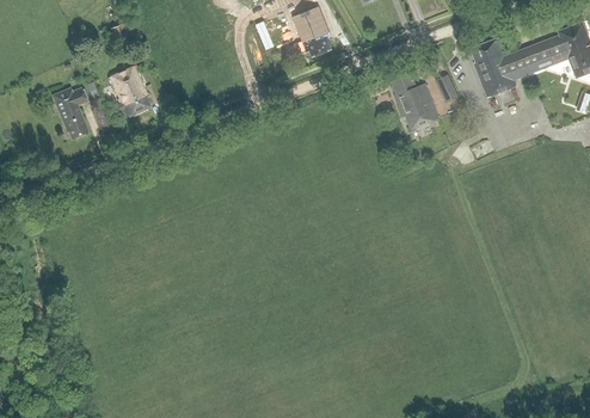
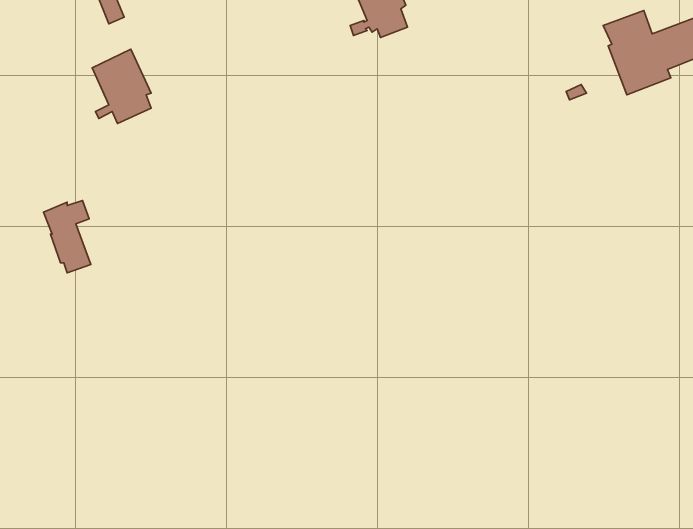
building: [392,73,438,129] -> none
building: [55,87,88,139] -> [44,200,91,273]

